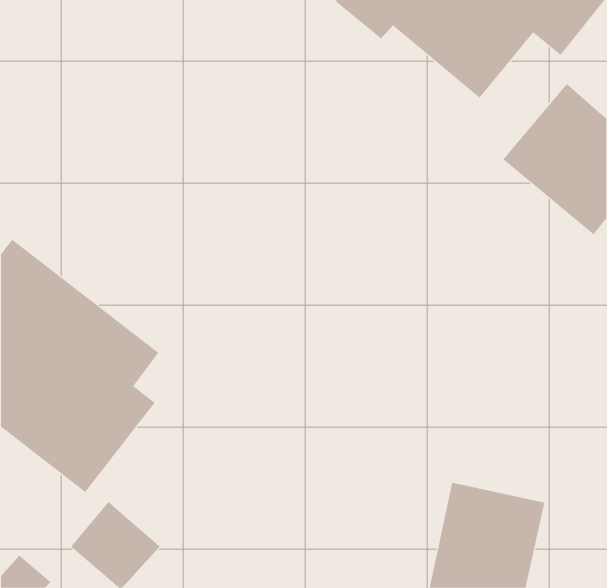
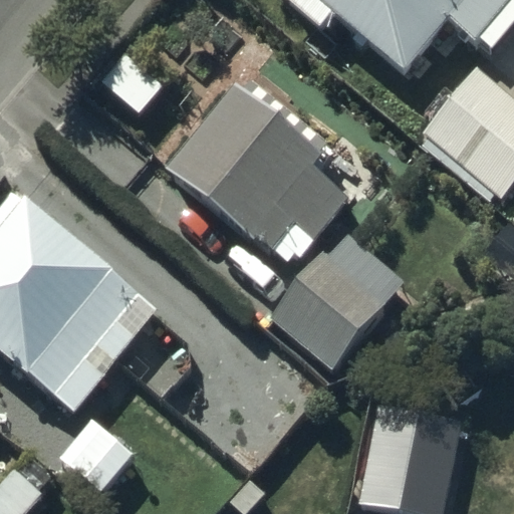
building: none -> [166,85,347,265]
building: none -> [274,259,386,371]

